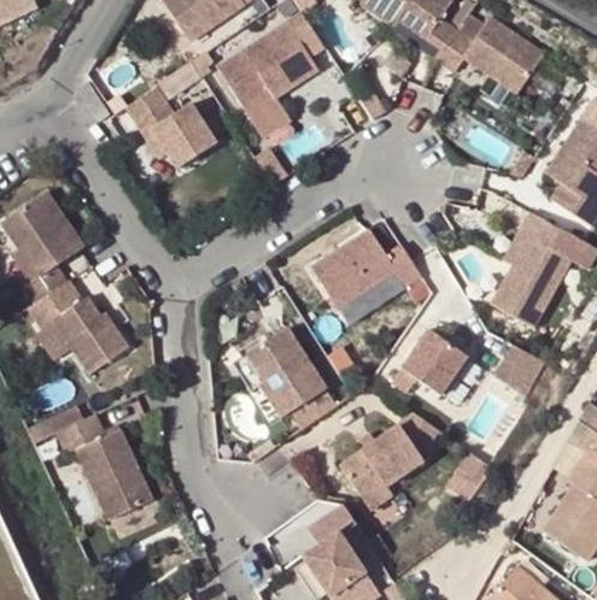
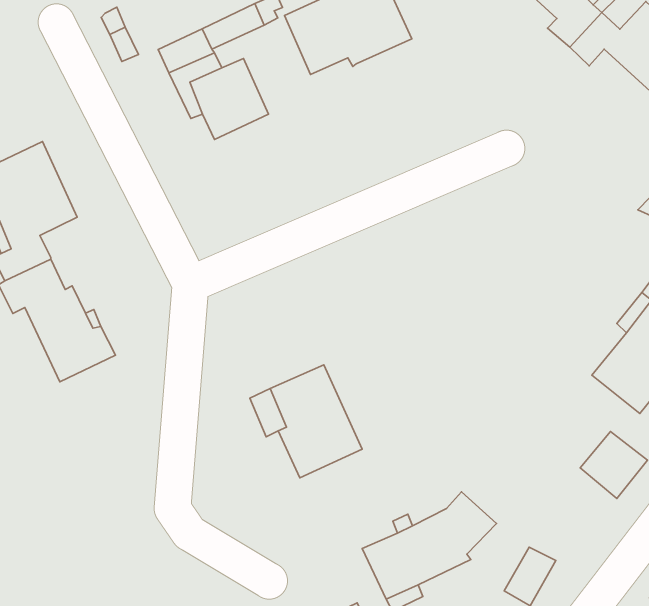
building: [247,92,297,137] -> none
building: [312,230,422,307] -> none
building: [392,333,467,398] -> none
building: [59,412,152,518] -> none

